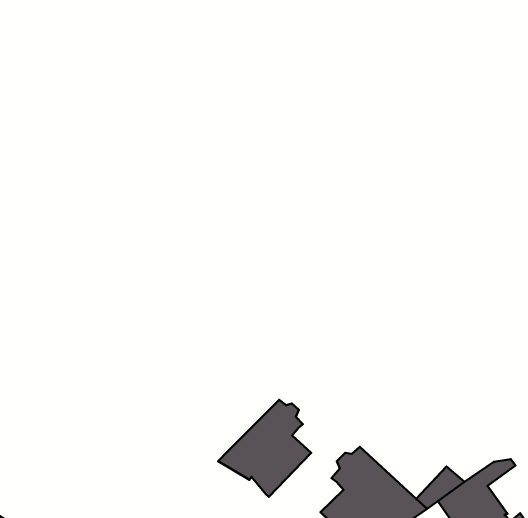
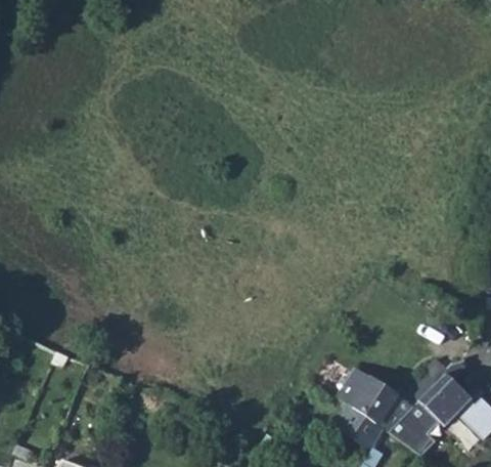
building: [218,400,311,497] -> none

